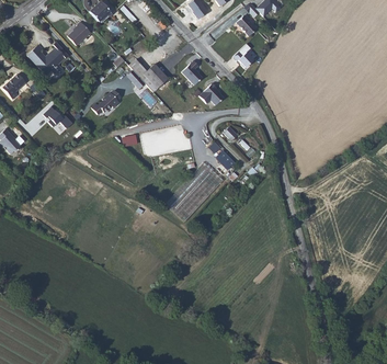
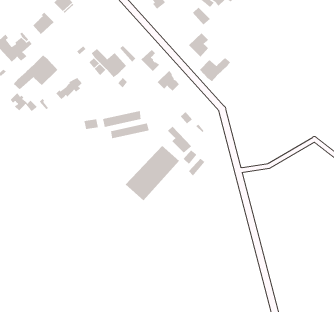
building: none -> [13,54,58,90]
building: none -> [199,57,231,82]

